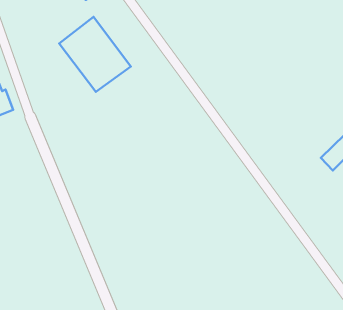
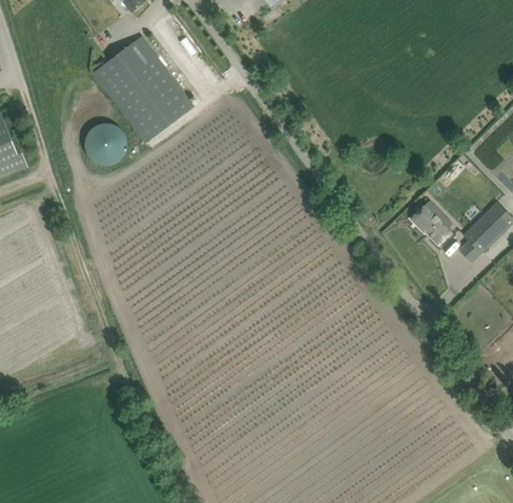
building: none -> [83,122,127,166]
building: none -> [410,204,451,243]

